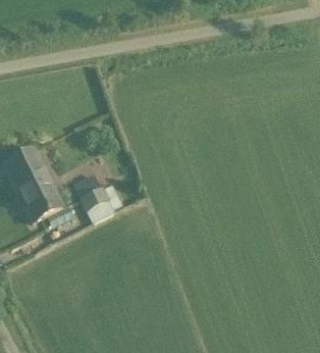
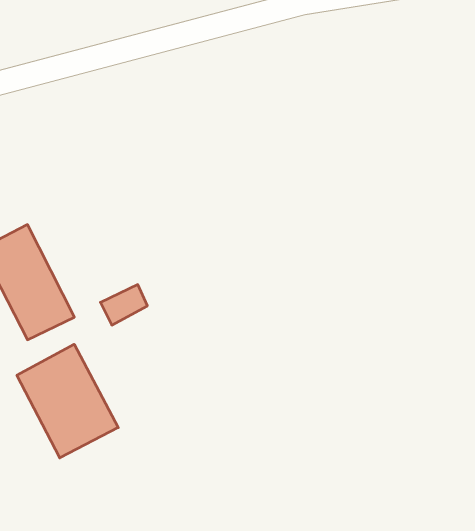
building: none -> [17,344,118,458]

